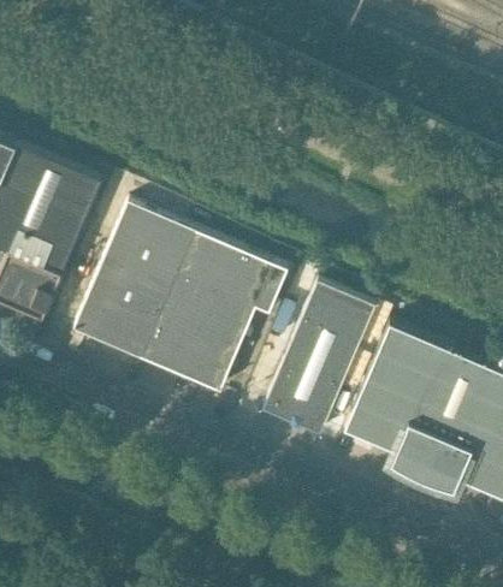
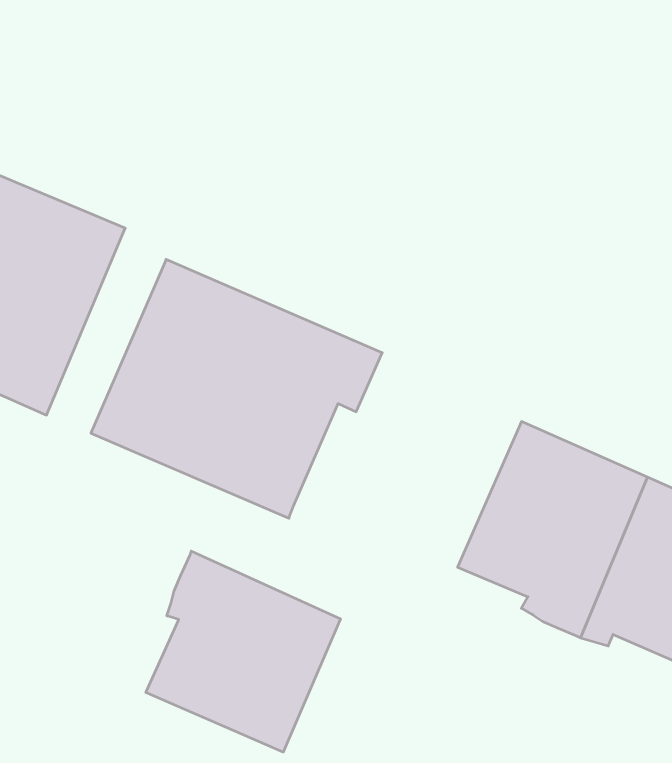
building: [261,284,373,435] -> none
building: none -> [146,551,340,752]

